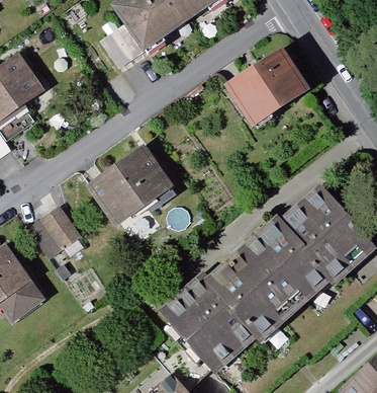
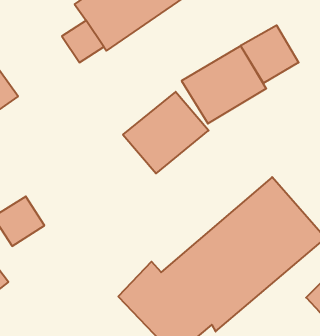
building: none -> [241,25,299,83]
building: [85,144,174,229] -> [123,92,209,173]

